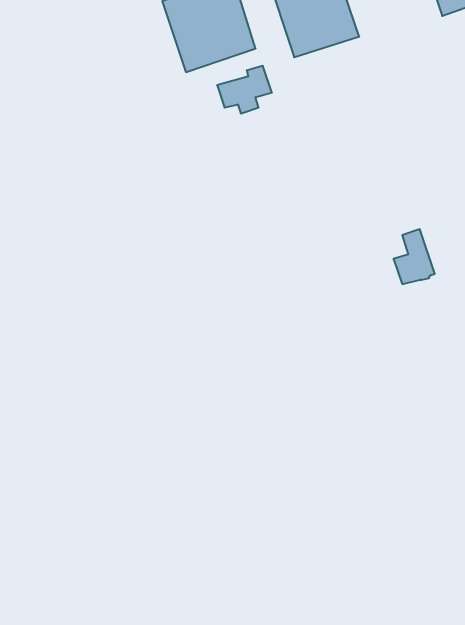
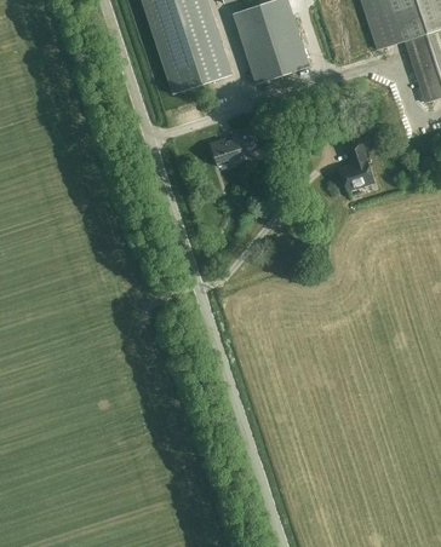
building: [217,66,272,113] -> [211,126,256,165]
building: [393,229,435,284] -> [339,143,373,188]

